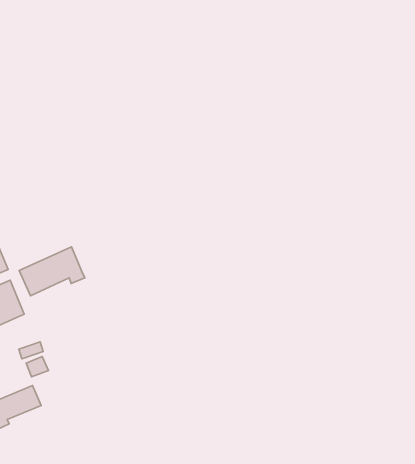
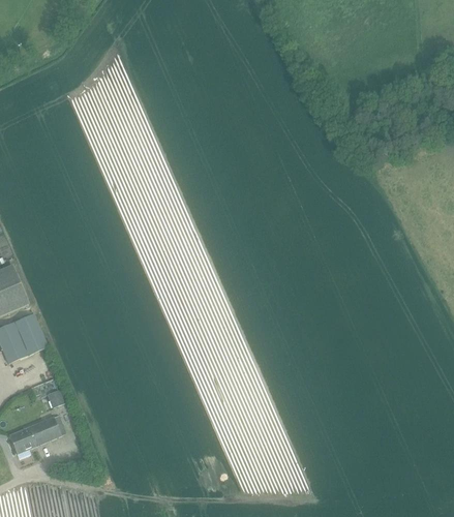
building: [19,247,85,296] -> none

